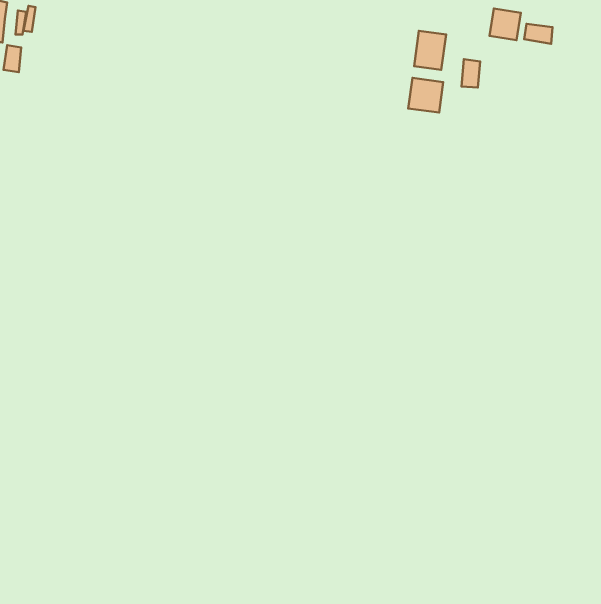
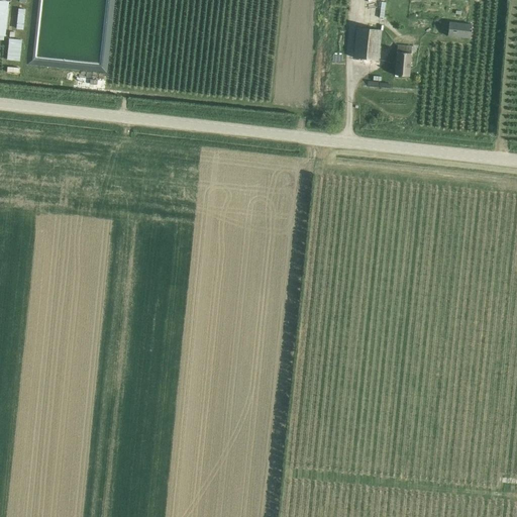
building: [489,9,521,40] -> none
building: [408,78,443,113] -> none

